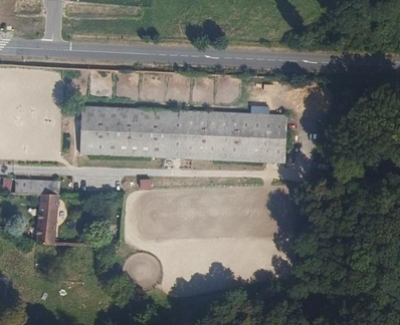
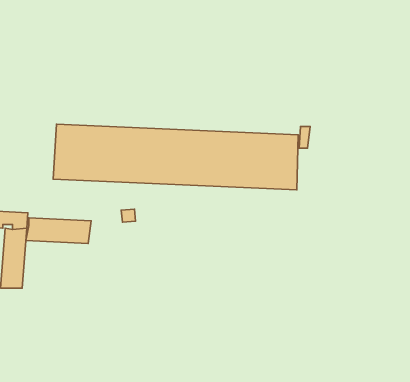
building: none -> [26,218,91,243]

